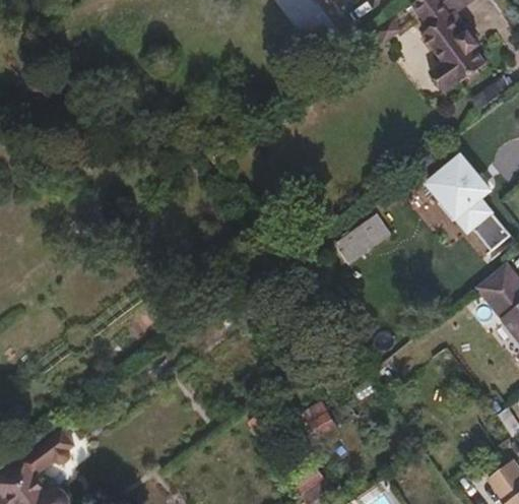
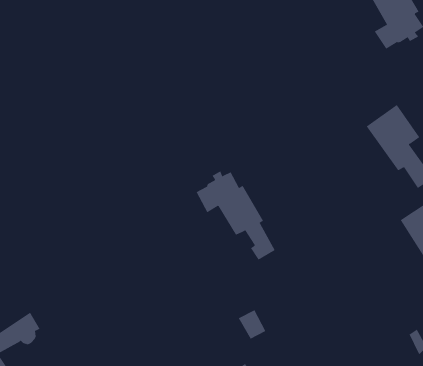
building: [331,227,374,266] -> none
building: none -> [196,170,276,261]

